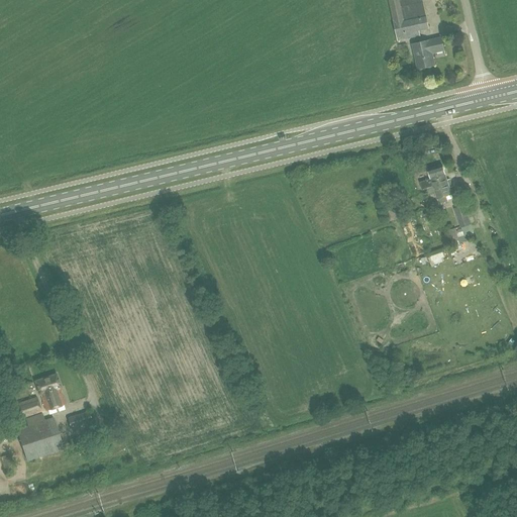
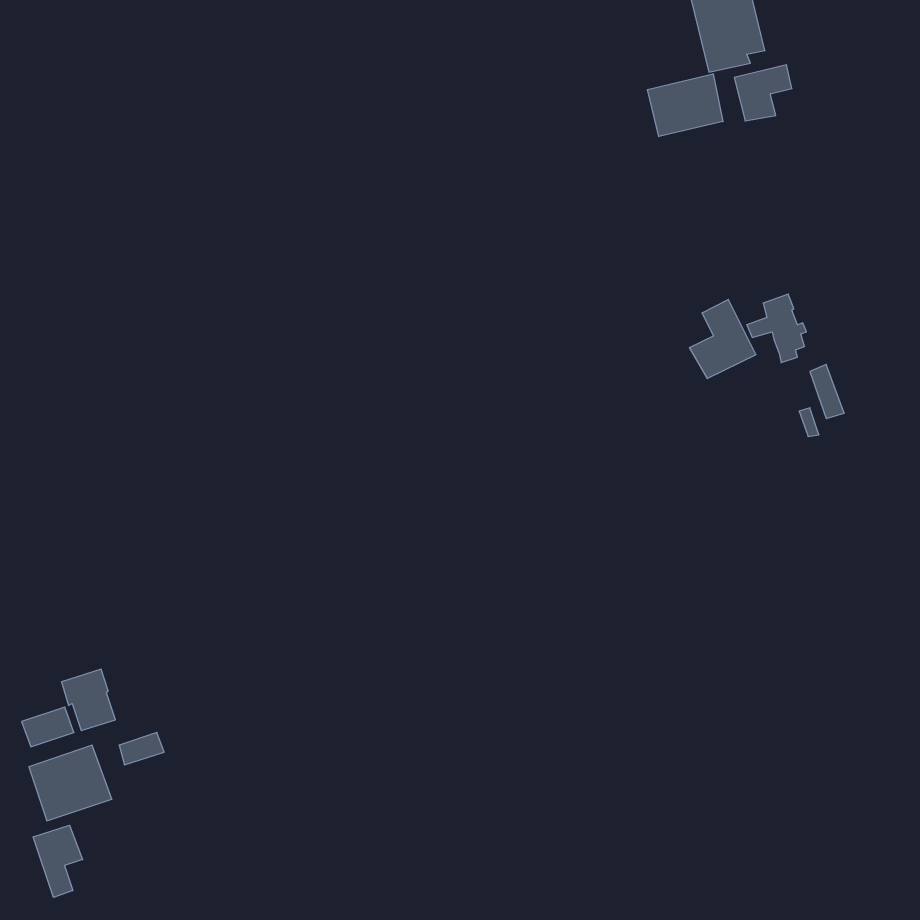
building: none -> [647,74,723,137]
building: none -> [689,299,756,379]
building: none -> [33,825,83,897]

